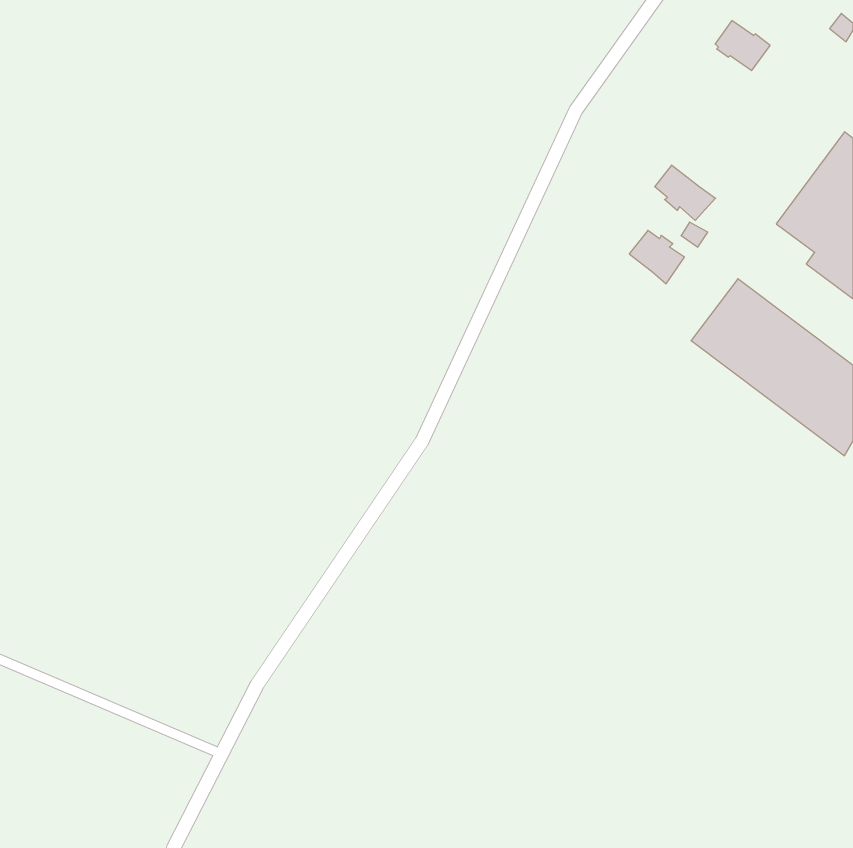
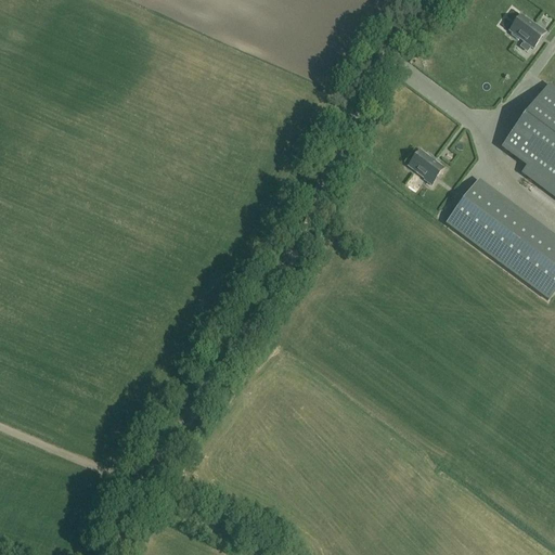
building: [715,21,770,71] -> [508,13,544,46]
building: [655,165,716,220] -> none

